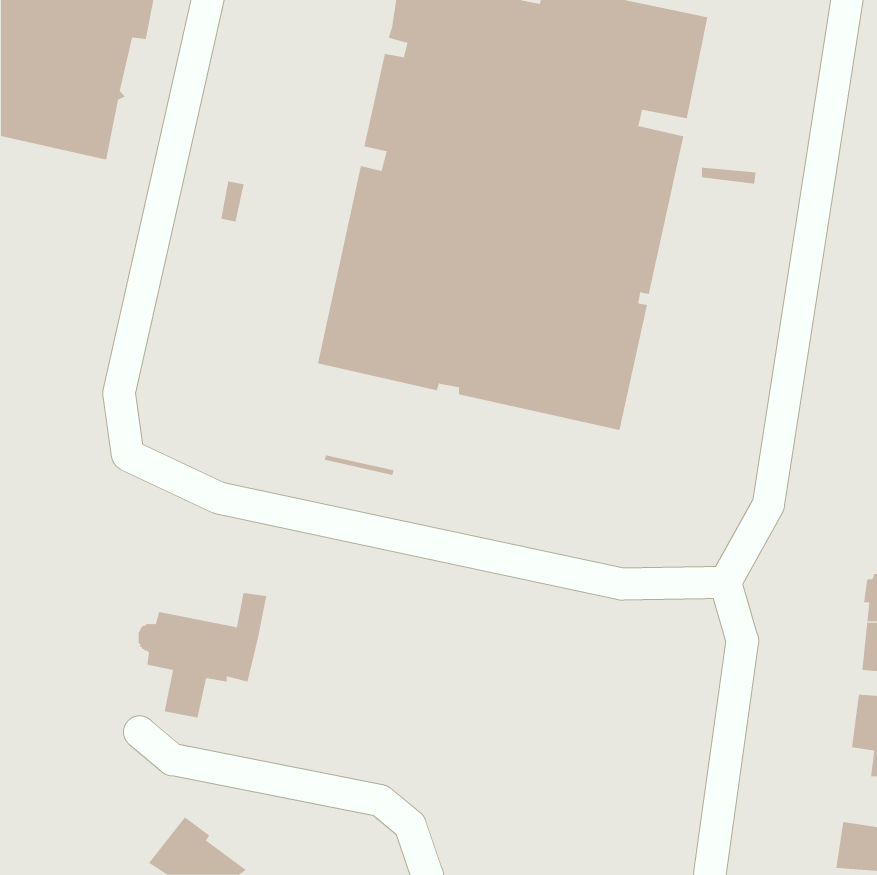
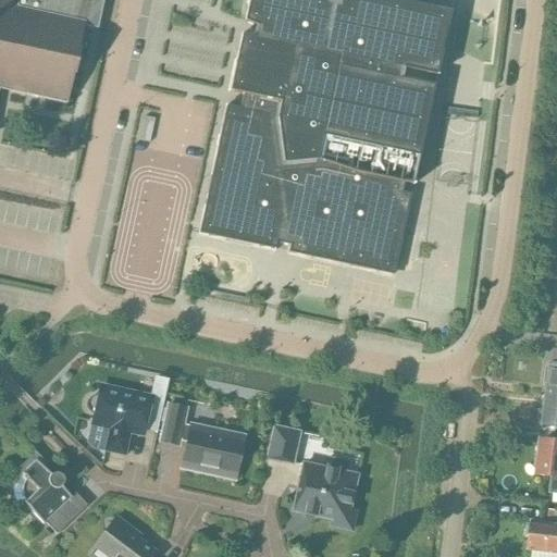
building: none -> [162,403,245,478]
building: none -> [269,425,301,462]
building: none -> [15,447,89,532]
building: none -> [295,456,359,529]

